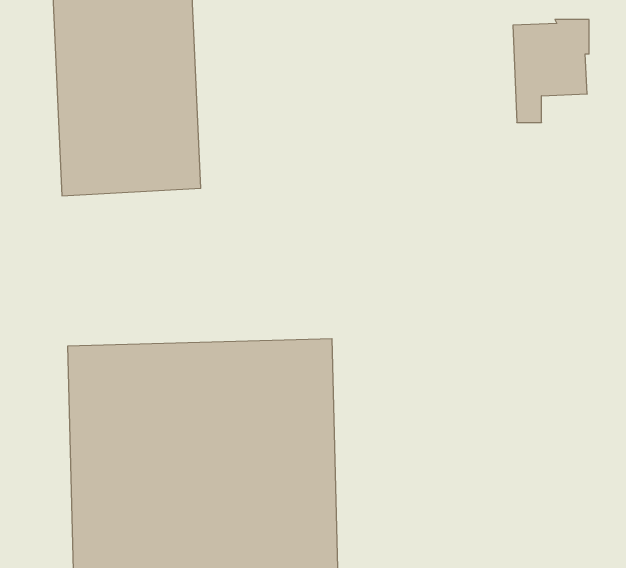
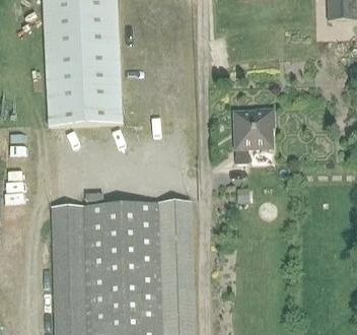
building: [513,20,589,122] -> [233,108,274,162]

